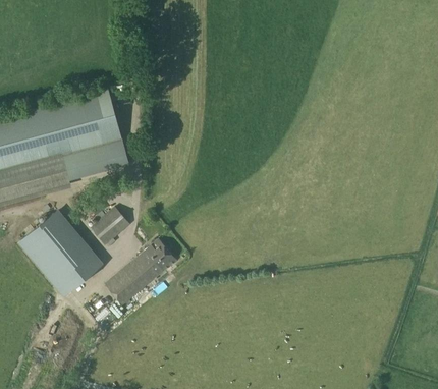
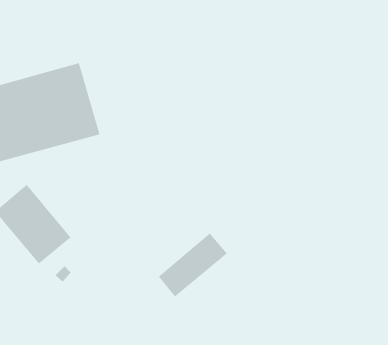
building: [92,207,130,245] -> none
building: [106,239,177,305] -> [158,233,228,298]

